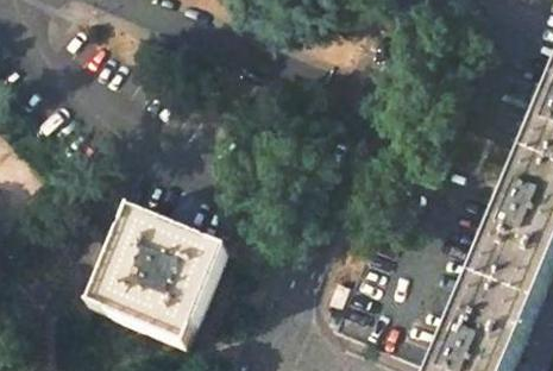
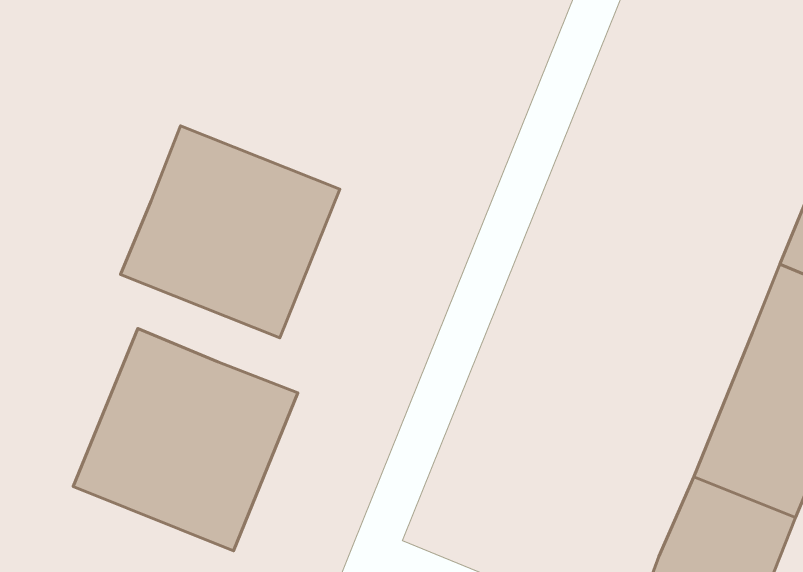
building: none -> [121,126,340,338]

